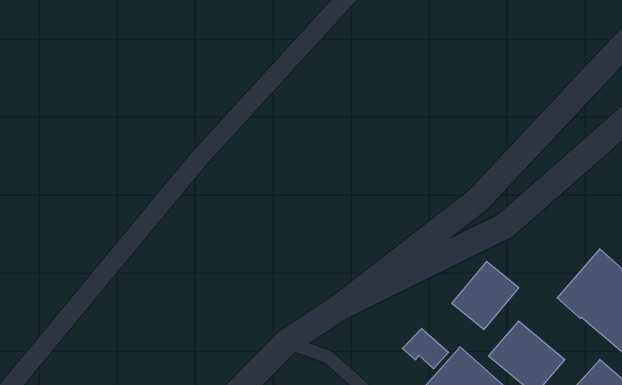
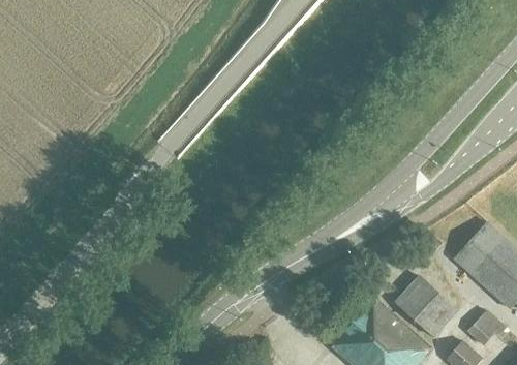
building: [452,261,519,330] -> none
building: [402,328,449,369] -> none

